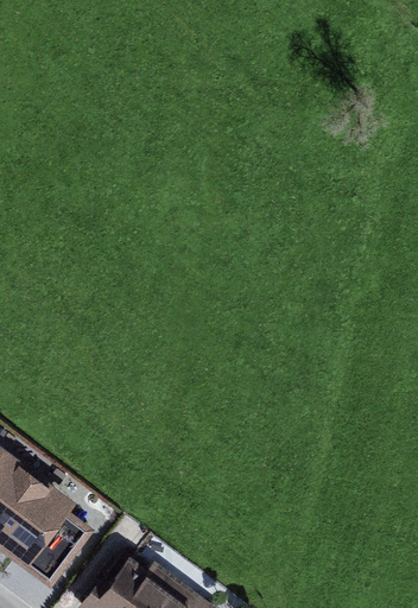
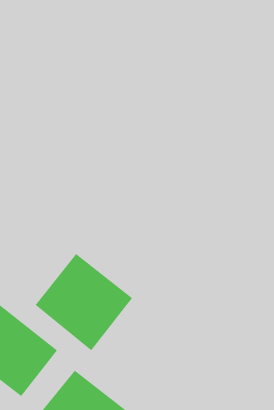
building: none -> [35,253,133,351]

